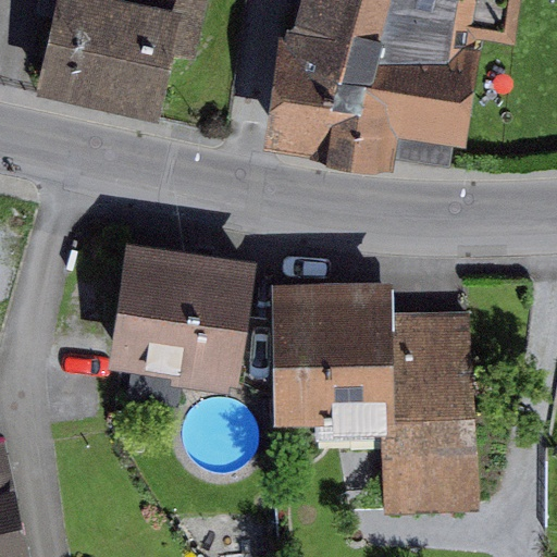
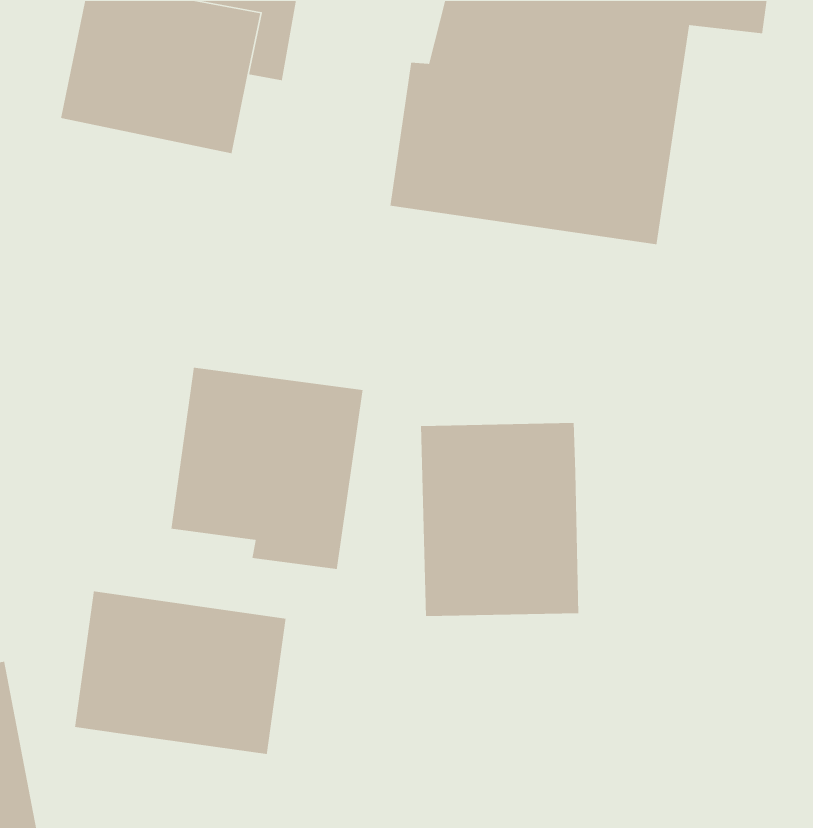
building: [386,315,470,510] -> none
building: none -> [74,591,286,755]

